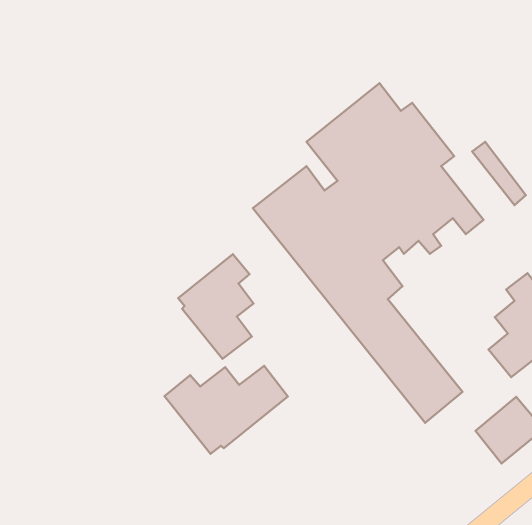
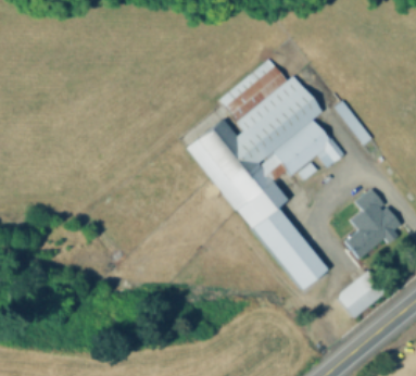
building: [178,254,254,359] -> none
building: [164,366,288,454] -> none

